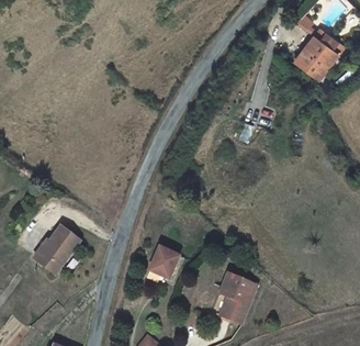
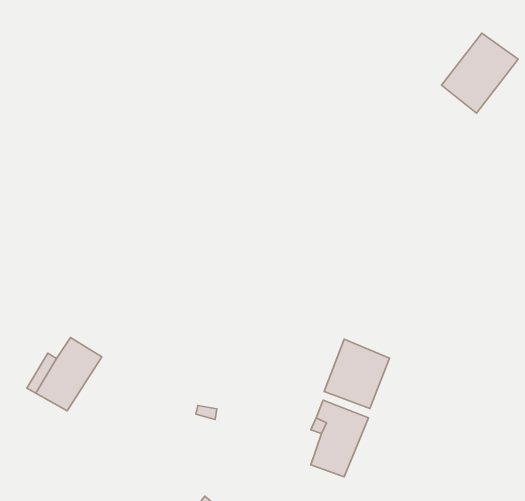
building: none -> [324,339,390,408]
building: [154,246,185,283] -> none

